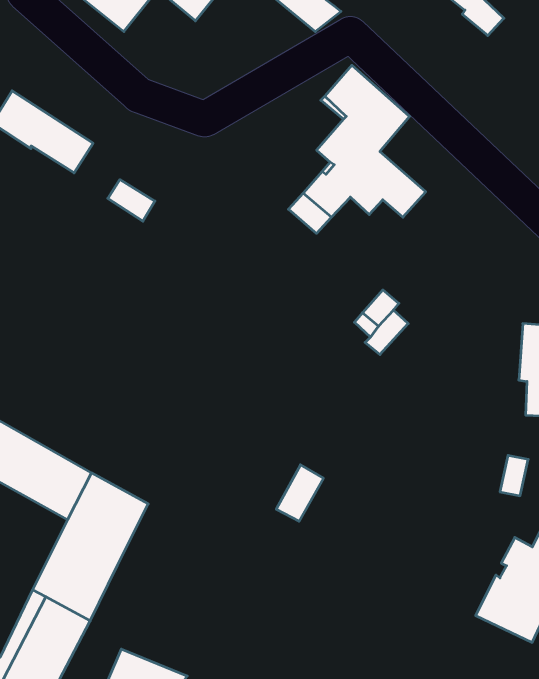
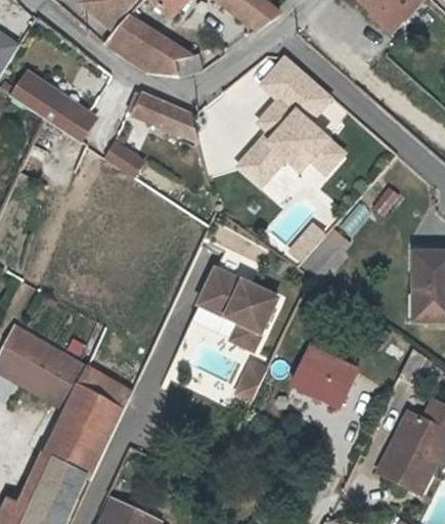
building: none -> [105,17,218,78]
building: none -> [127,91,201,145]
building: none -> [199,269,276,350]
building: none -> [295,346,356,404]

